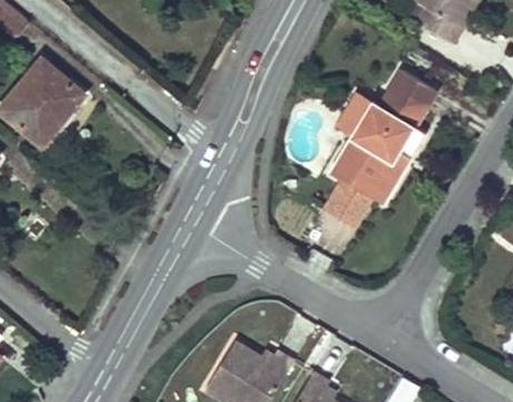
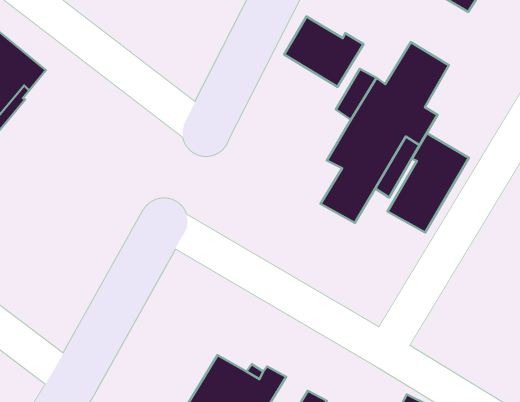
building: none -> [284,16,364,87]
building: none -> [387,133,469,232]

